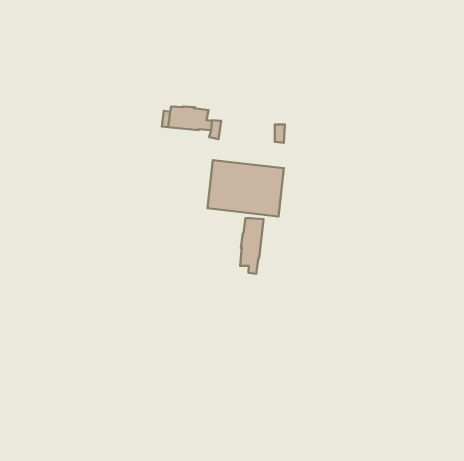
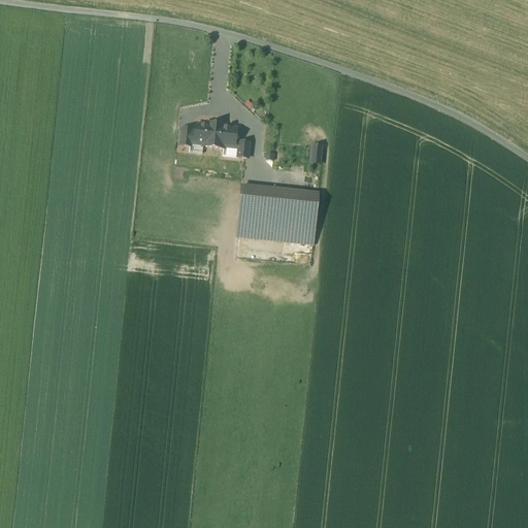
building: [240,218,264,274] -> none

